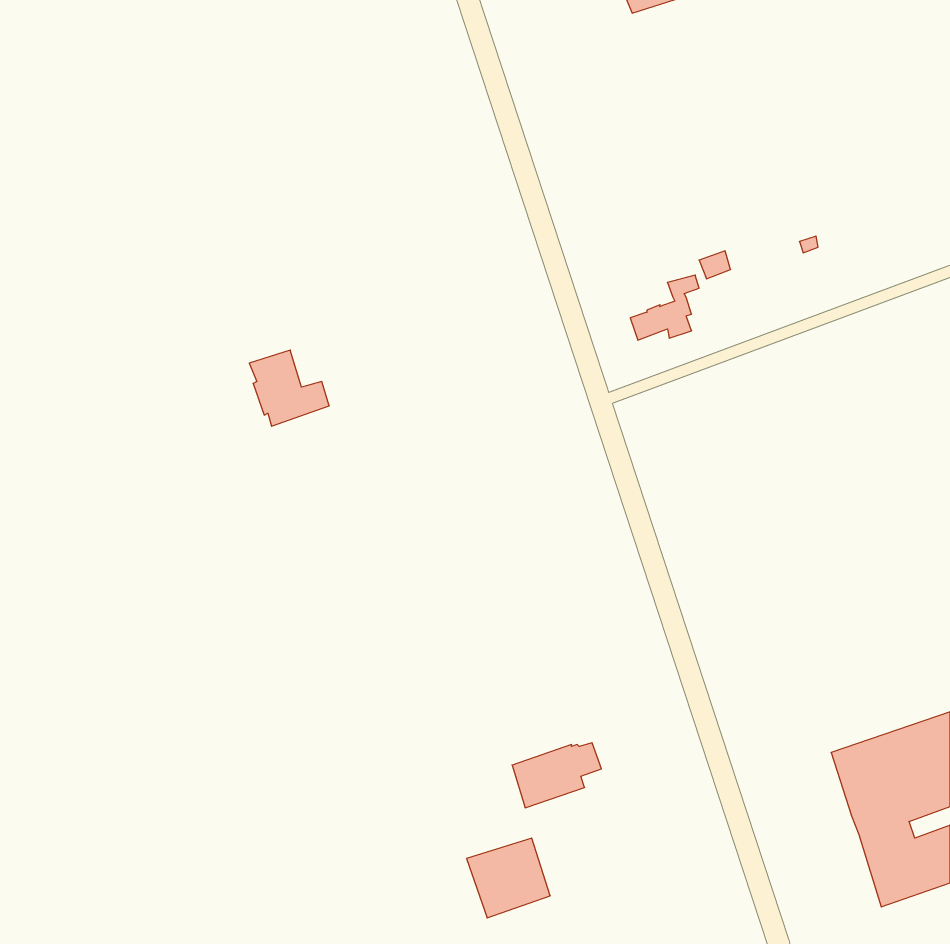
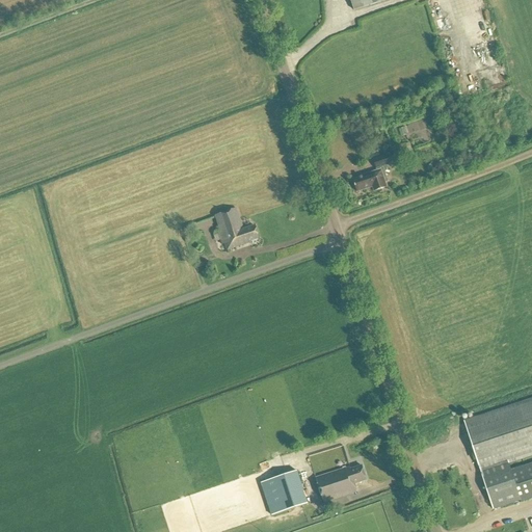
building: [249,350,329,426] -> [213,206,258,248]
building: [512,743,601,808] -> [317,463,367,500]

